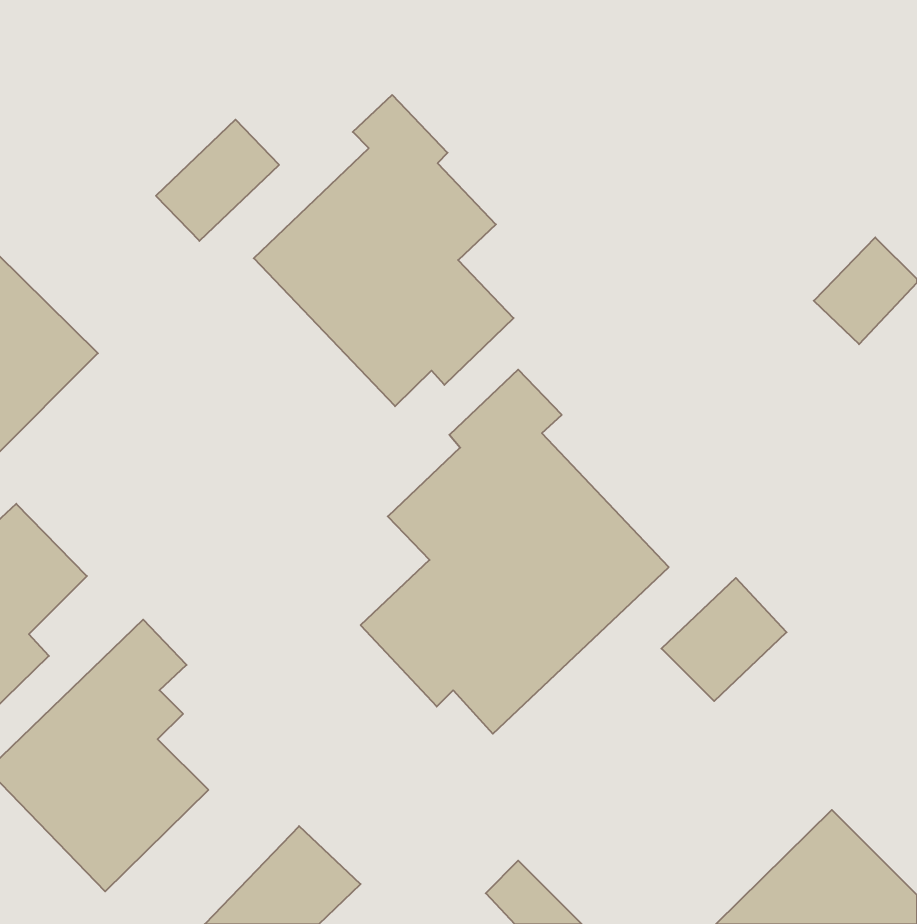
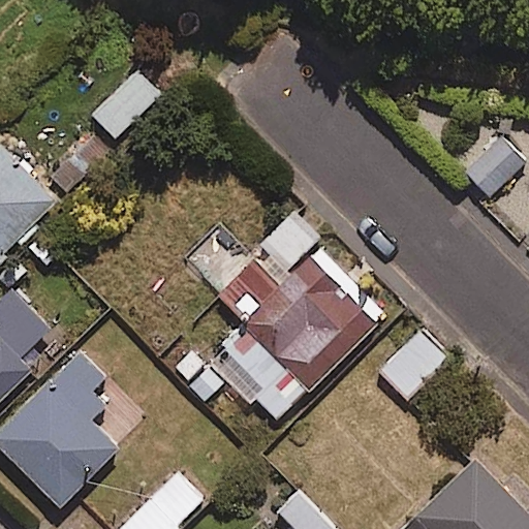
building: [254,95,514,406] -> none

